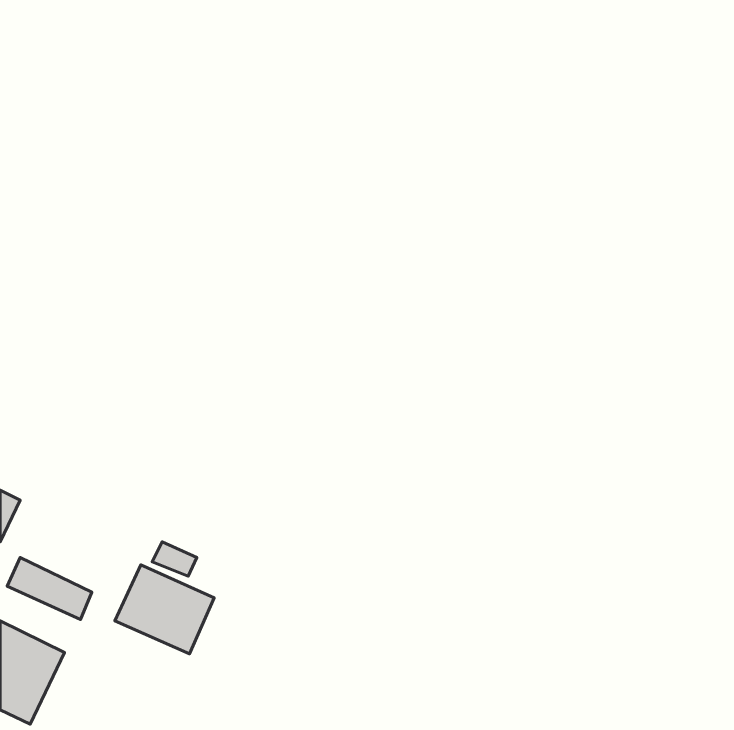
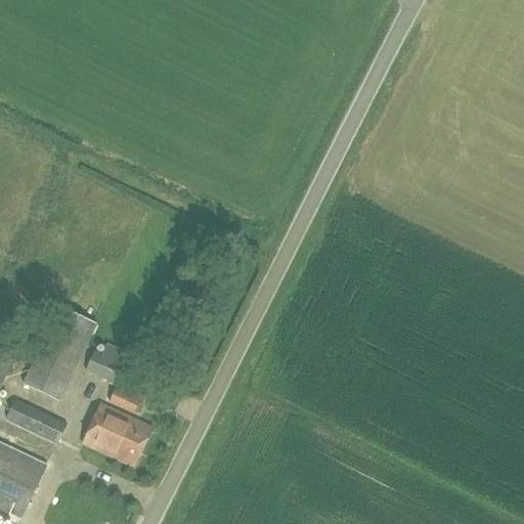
building: none -> [23,304,97,399]
building: none -> [85,348,129,384]

